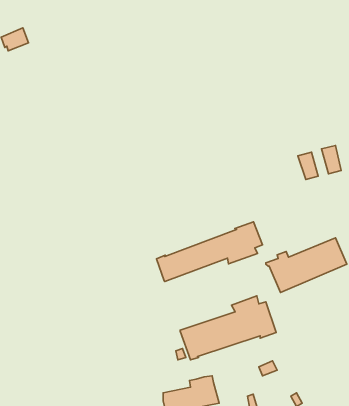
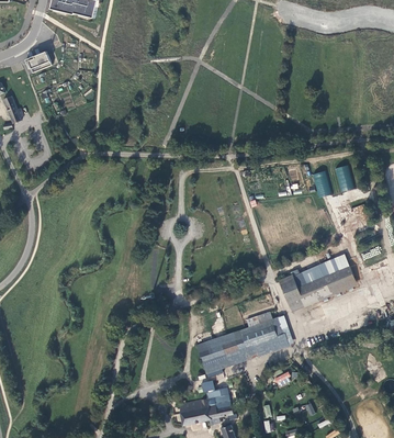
building: [156,222,263,281] -> none

